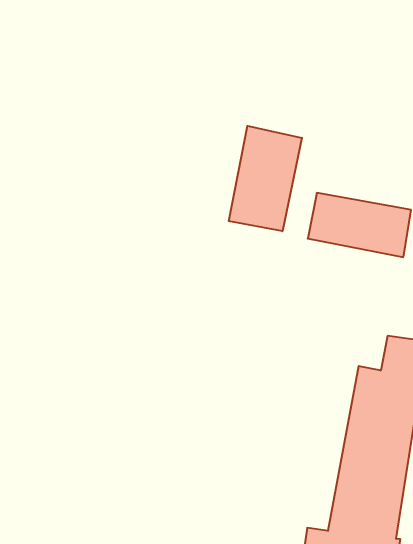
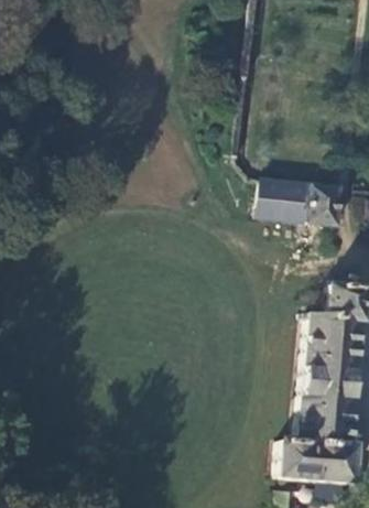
building: [229,126,302,231] -> none

